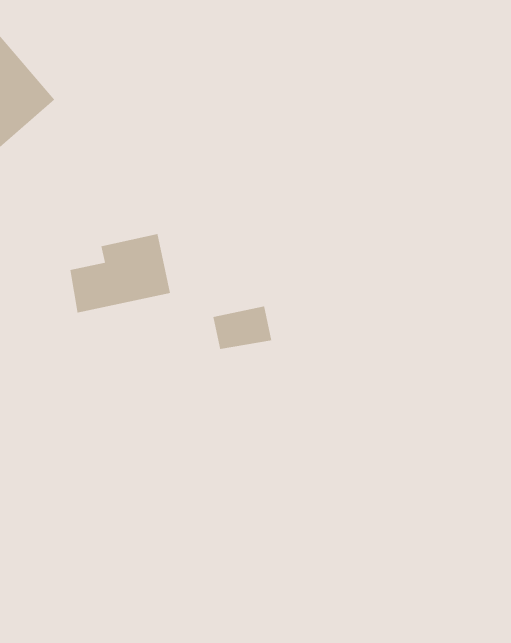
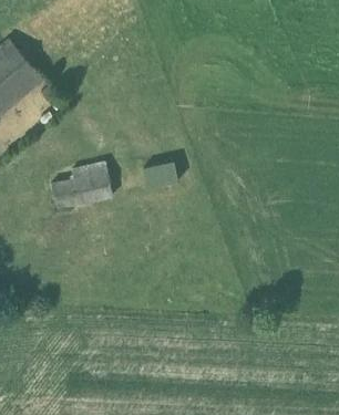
building: [212,306,272,349] -> [143,160,179,187]

